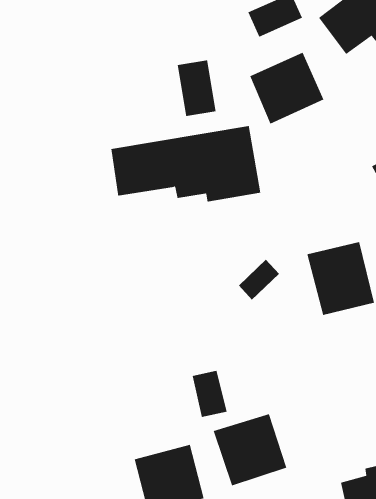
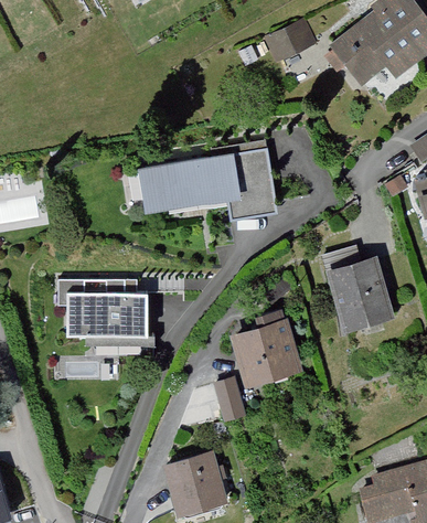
building: [250,52,324,124] -> none
building: [177,60,216,117] -> none
building: none -> [65,293,161,348]
building: [213,413,287,486] -> [231,318,301,387]

